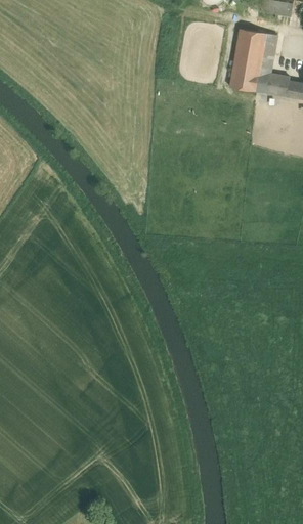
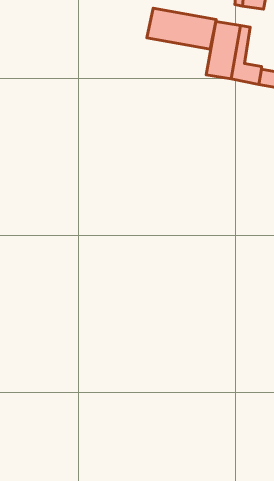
building: none -> [147,8,216,49]

